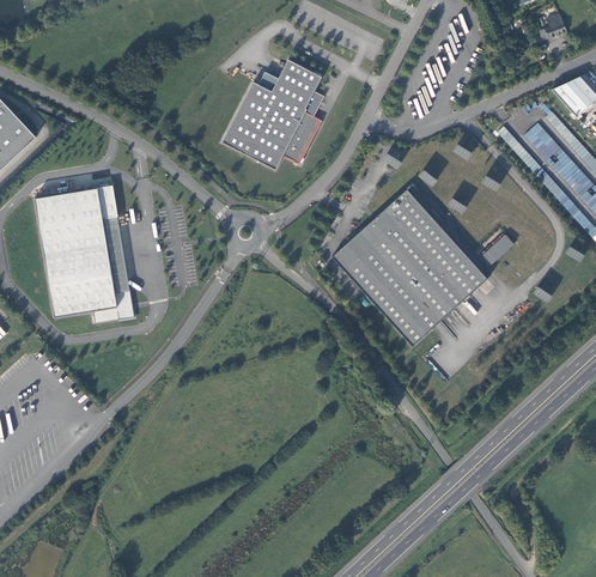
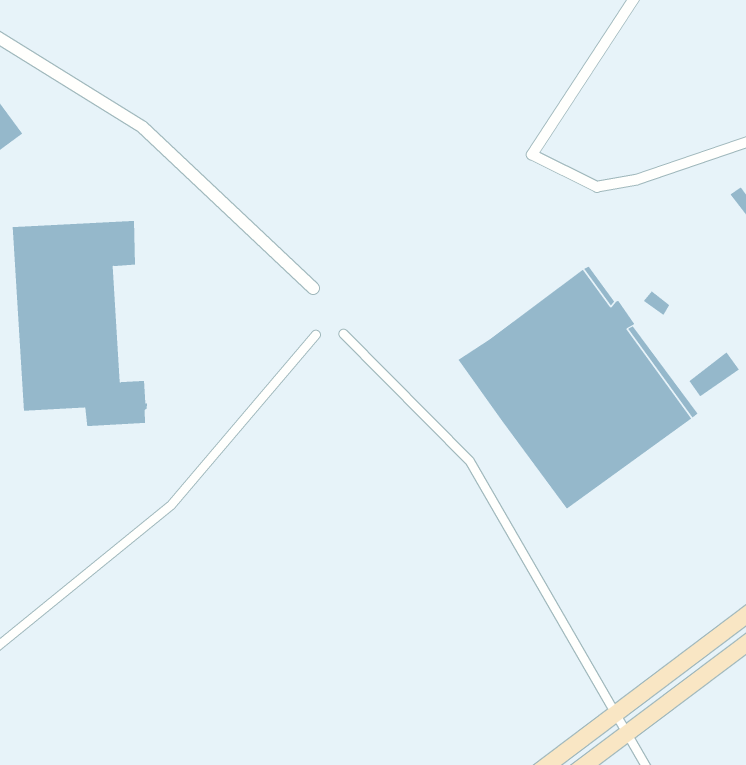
building: [221,59,322,169] -> none

